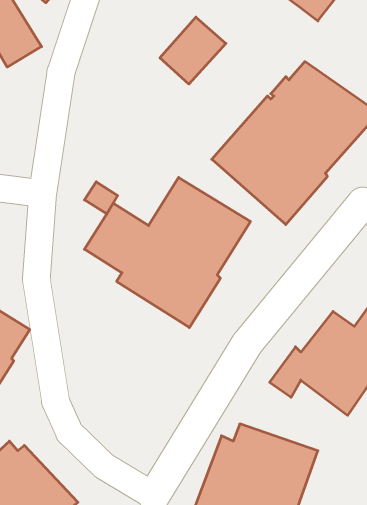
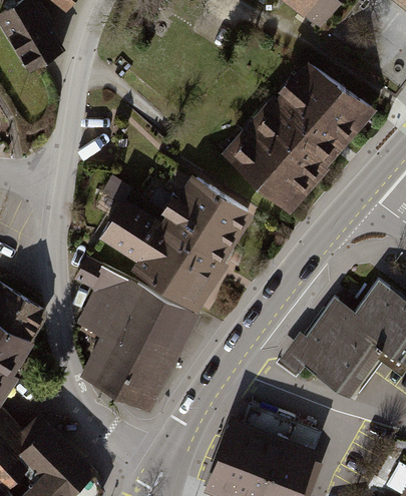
building: [160,17,226,84] -> none
building: none -> [74,259,199,412]

